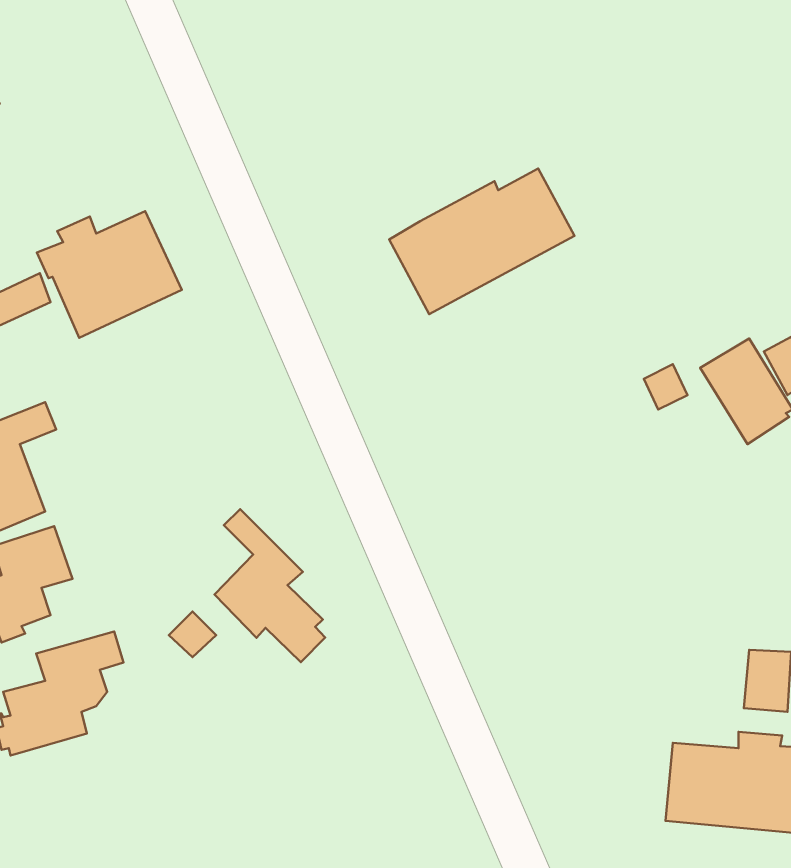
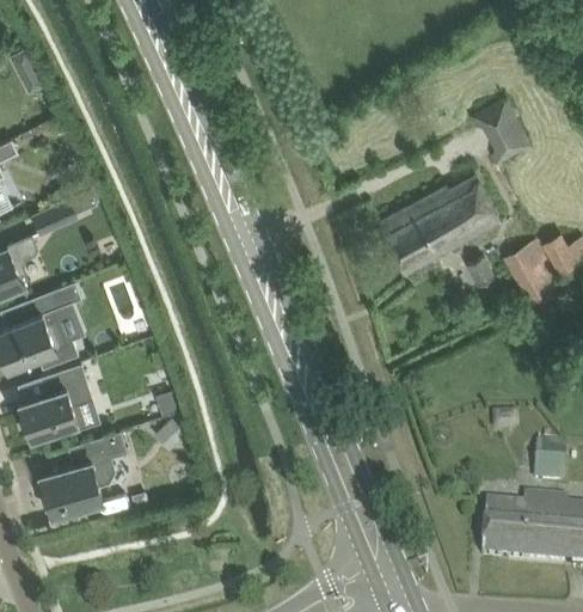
building: none -> [471,99,532,166]
building: [389,168,575,314] -> [378,178,499,274]
building: [37,211,182,338] -> none
building: [214,509,325,662] -> none

